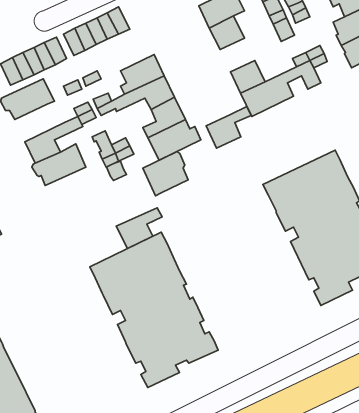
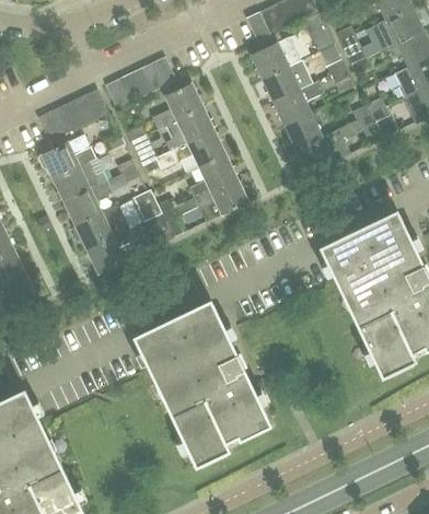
building: none -> [153,83,202,129]
building: none -> [53,162,106,202]
building: [206,106,251,148] -> [274,82,322,127]
building: [143,152,188,196] -> none
building: [116,208,162,248] -> [85,230,135,273]

